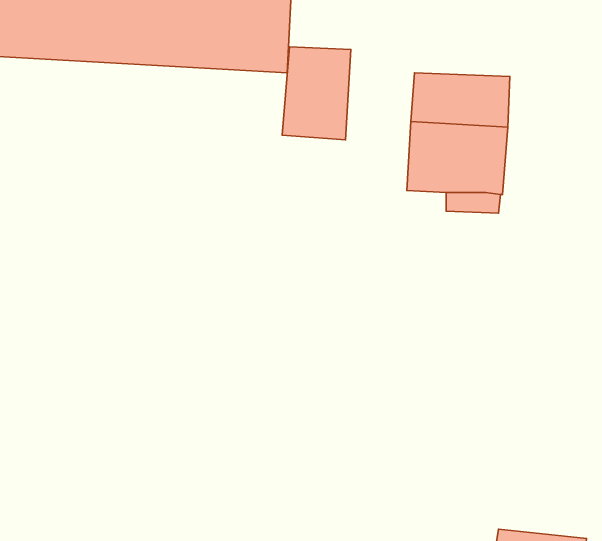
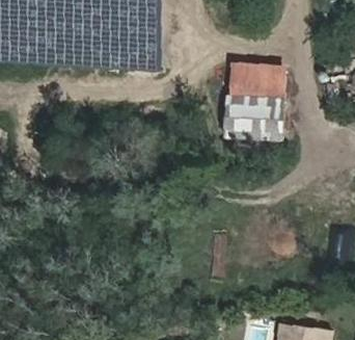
building: [282,47,351,140] -> none

